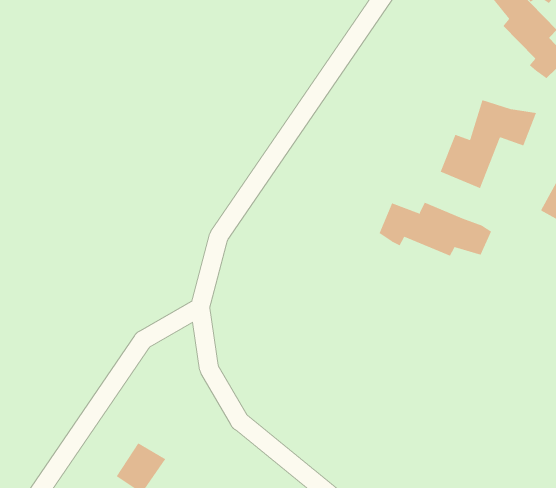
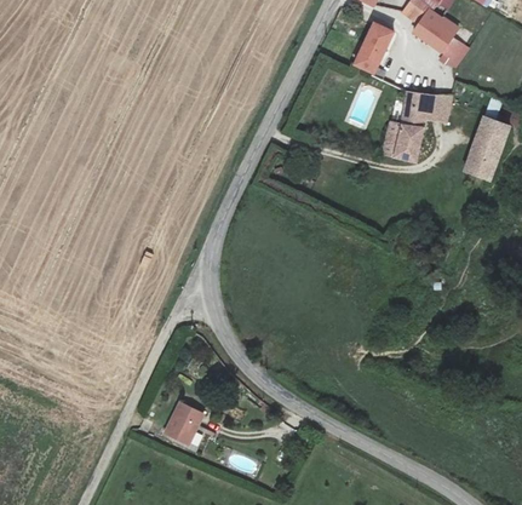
building: none -> [352,22,391,73]
building: [379,202,492,257] -> none

